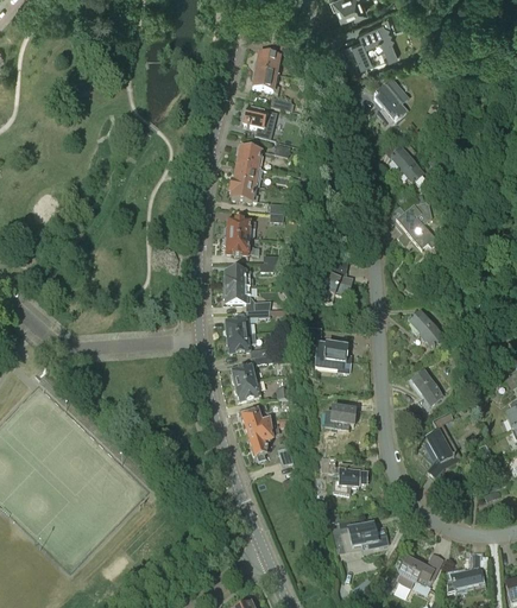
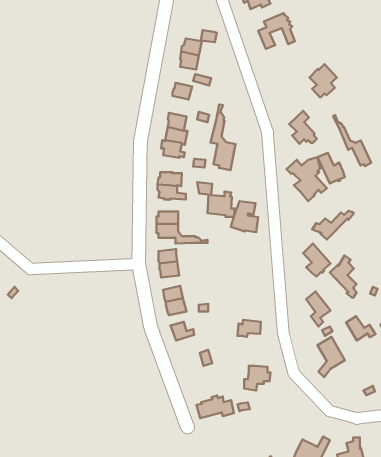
building: [373,80,408,121] -> [309,64,337,97]
building: none -> [210,104,236,170]
building: none -> [333,115,371,166]
building: none -> [317,153,345,184]
building: none -> [312,211,354,239]
building: none -> [330,256,357,298]
building: [302,327,349,370] -> [197,182,235,217]
building: none -> [346,316,376,340]
building: [247,424,279,461] -> none
building: [340,520,387,549] -> [196,395,234,418]

